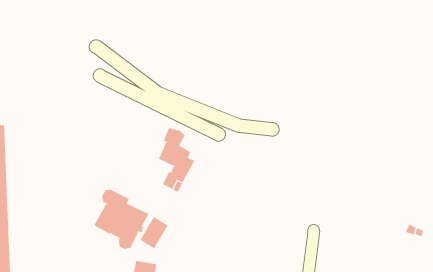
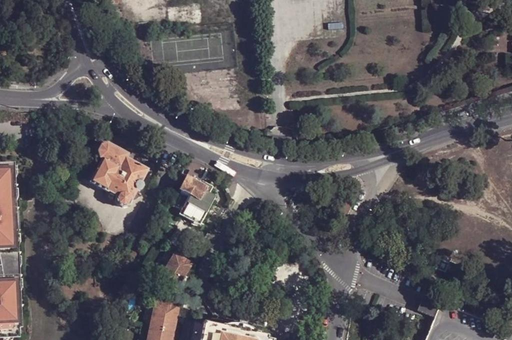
building: [94,189,149,250] -> [89,140,148,204]

